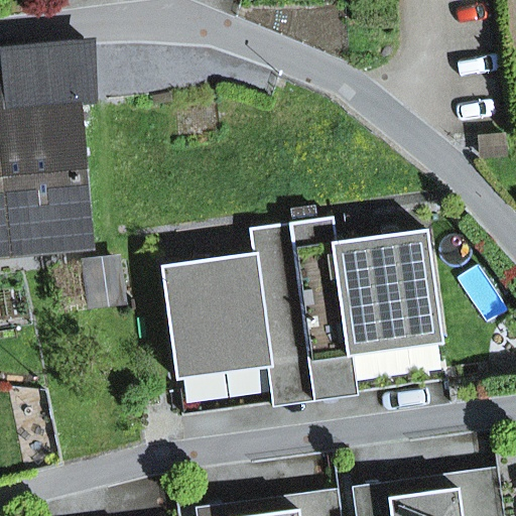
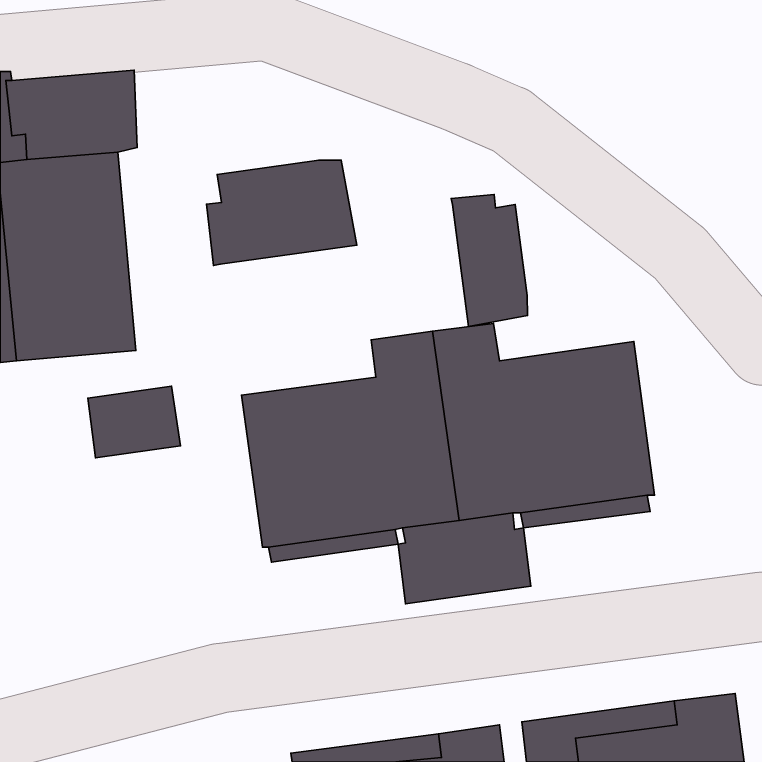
building: none -> [207,160,357,266]
building: none -> [451,194,528,327]

